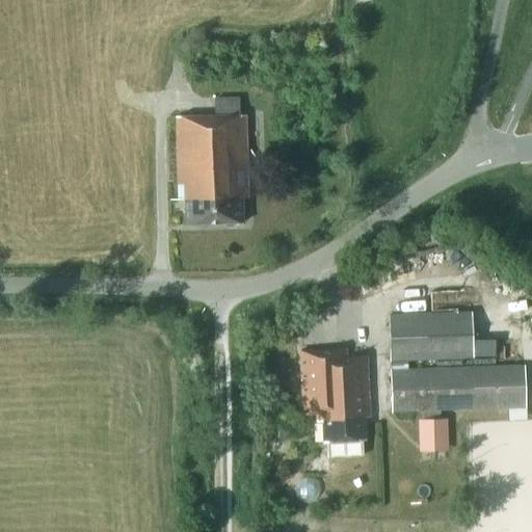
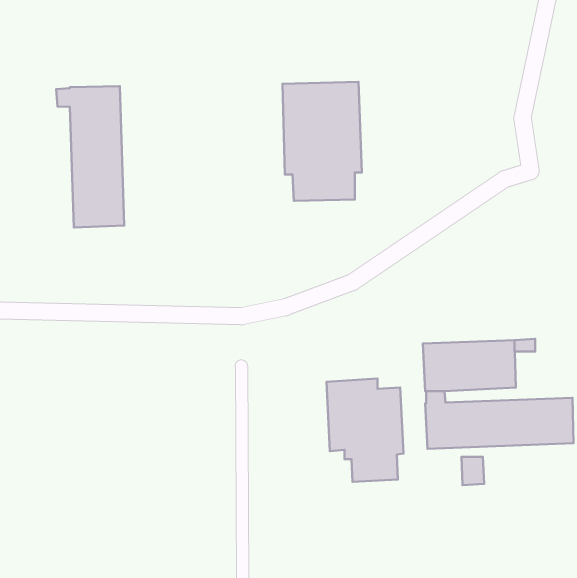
building: none -> [56,86,124,227]
building: [178,114,250,223] -> [282,82,362,201]

